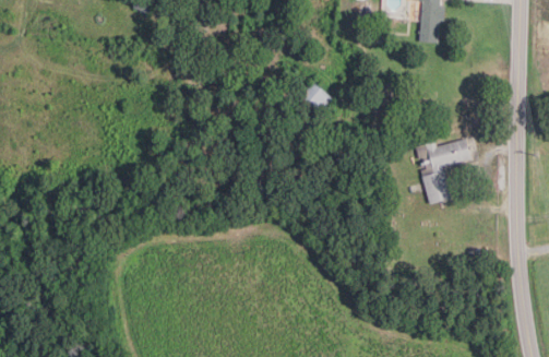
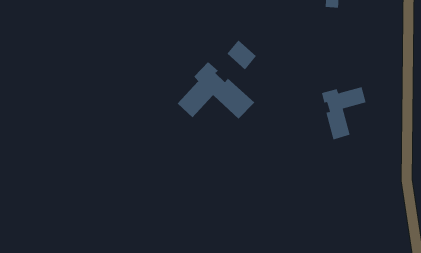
building: none -> [177,61,255,120]

